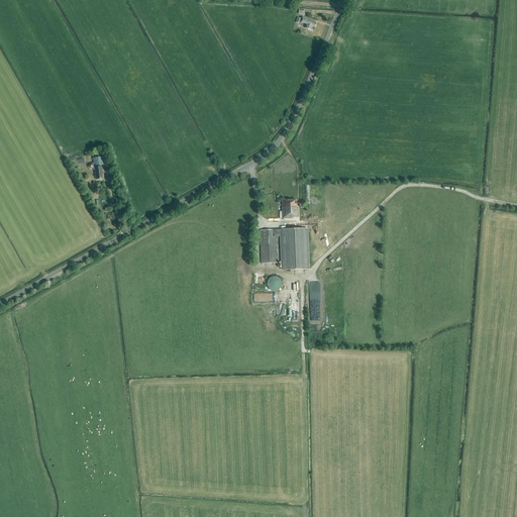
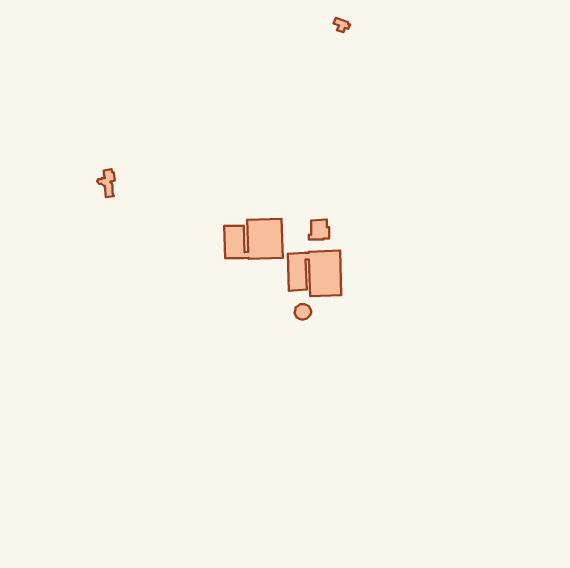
building: none -> [224,219,283,259]

